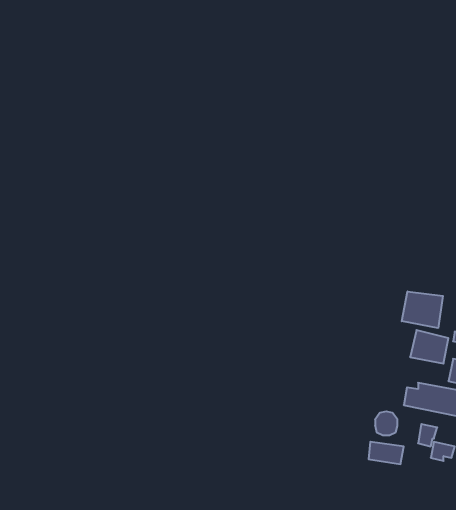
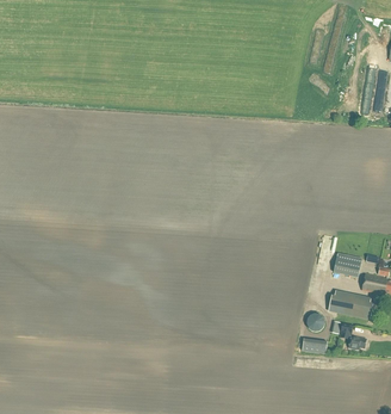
building: [402,291,443,328] -> none

